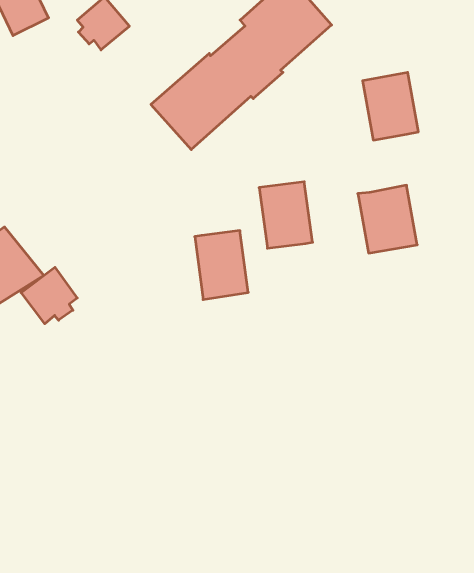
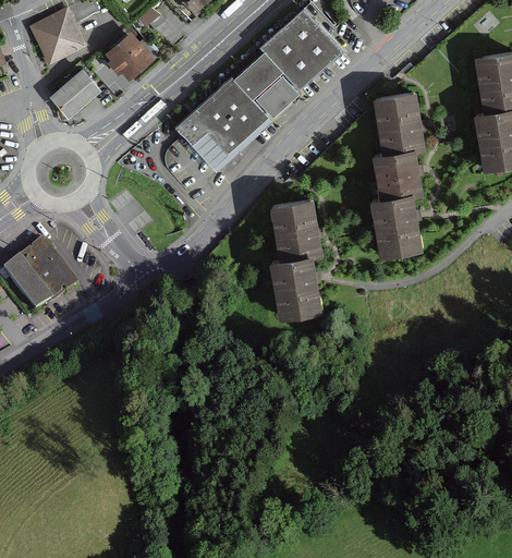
building: none -> [52,66,102,113]
building: none -> [369,153,418,206]
building: [195,231,248,300] -> [277,253,326,316]
building: [21,267,77,324] -> none

